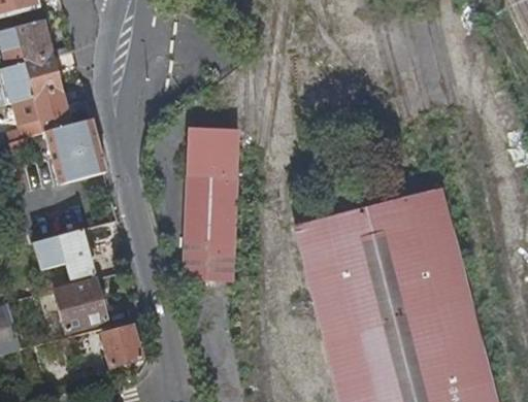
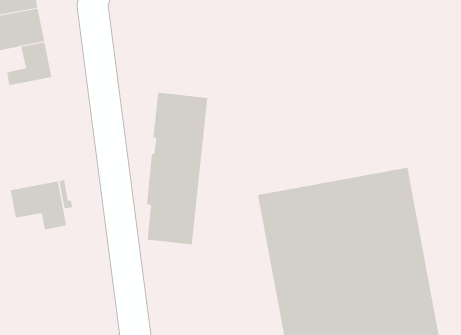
building: [47,116,109,181] -> none
building: [59,277,111,331] -> none
building: [111,324,146,364] -> none

